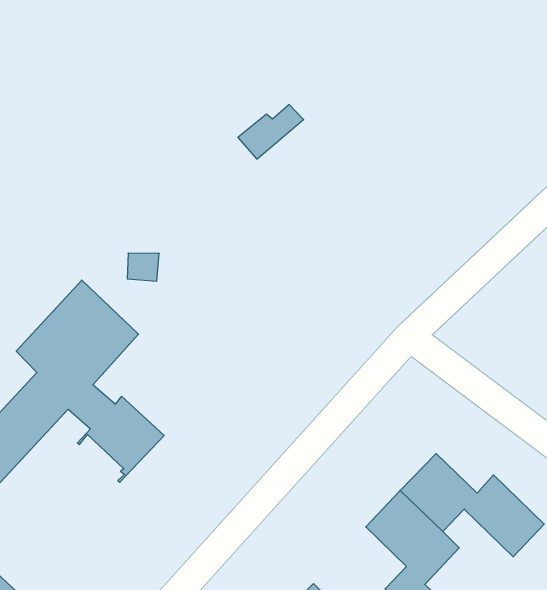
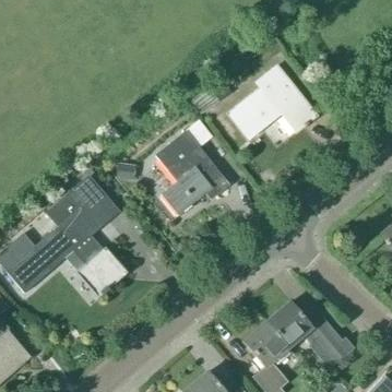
building: none -> [228,66,317,139]
building: none -> [155,130,229,215]

